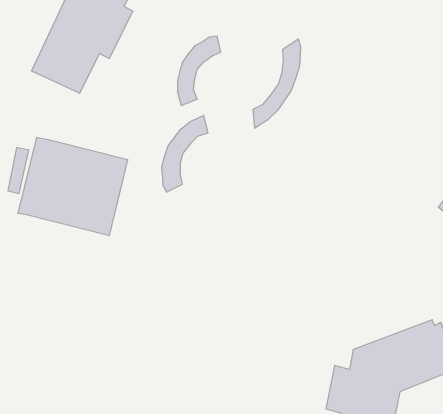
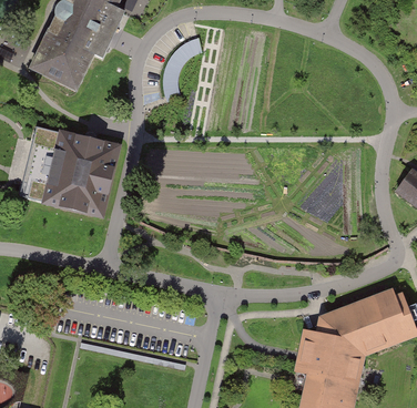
building: [253,39,300,128] -> none
building: [162,115,208,192] -> none

